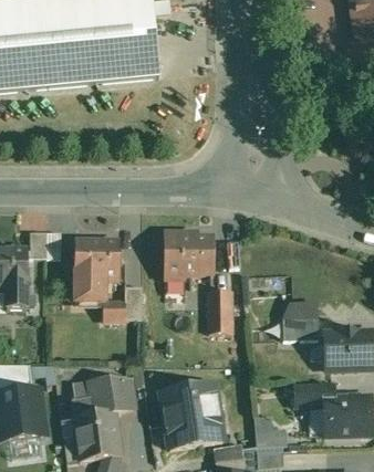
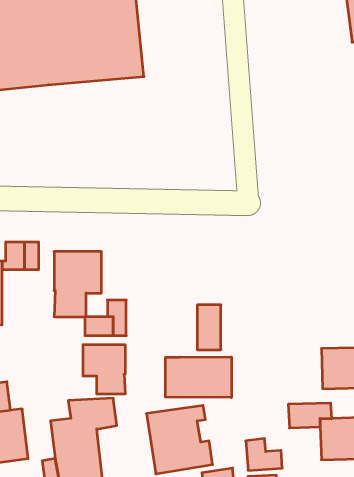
building: [163,231,212,279] -> none
building: [281,303,318,339] -> none
building: none -> [83,345,125,394]
building: none -> [165,357,231,398]

